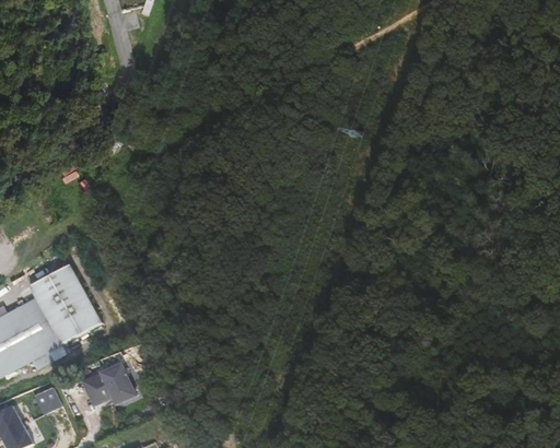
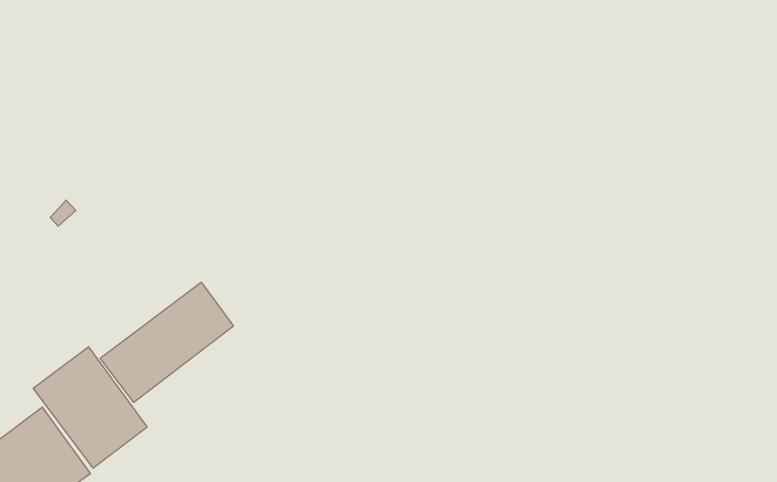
building: none -> [100,282,233,402]

